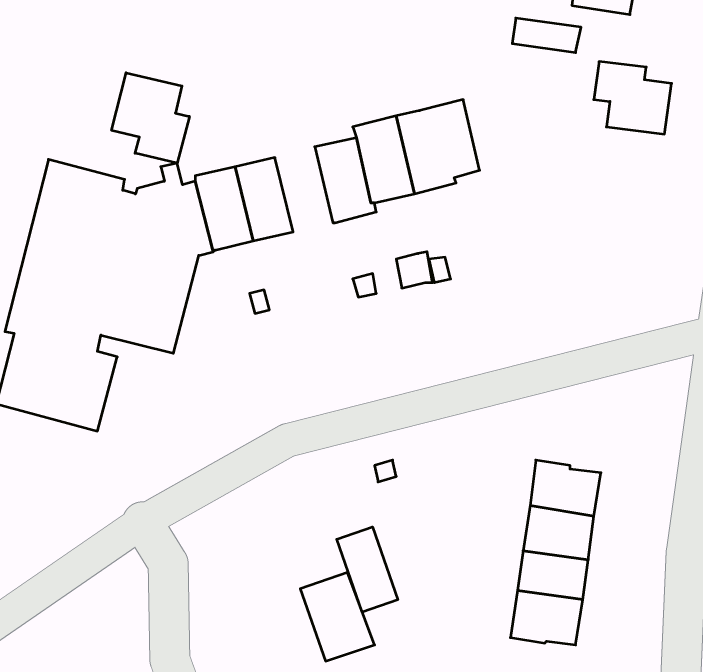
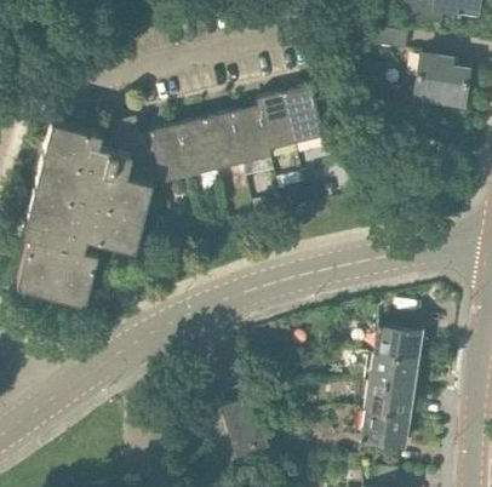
building: [112,73,189,163] -> none
building: none -> [204,114,242,171]
building: [337,527,398,612] -> none

